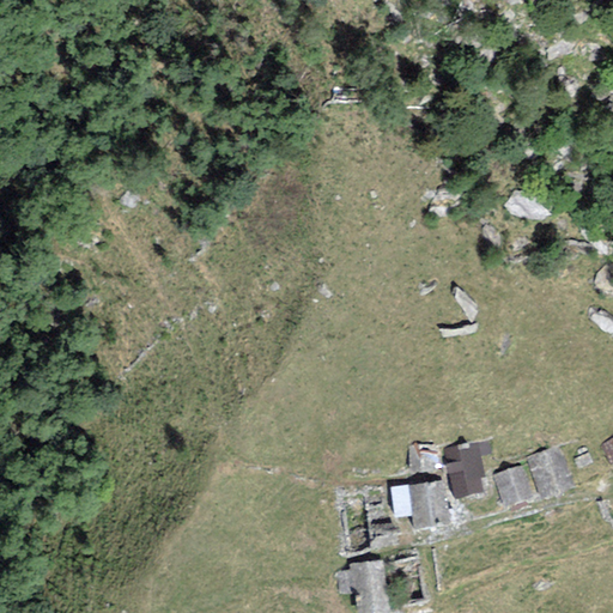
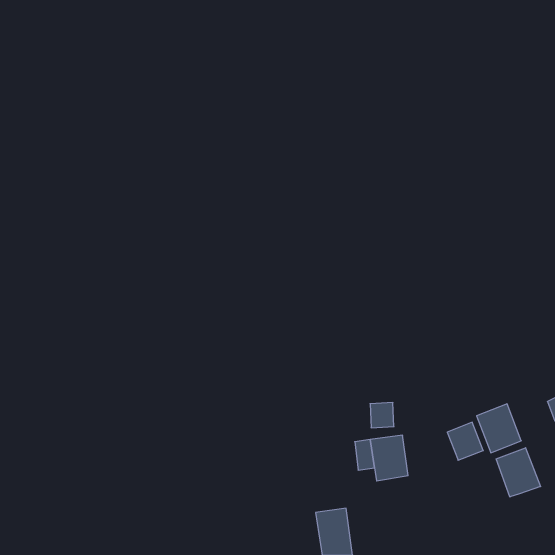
building: [445,441,486,498] -> none
building: none -> [496,448,541,497]

